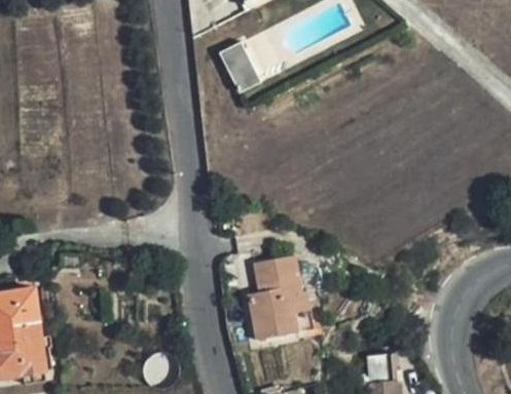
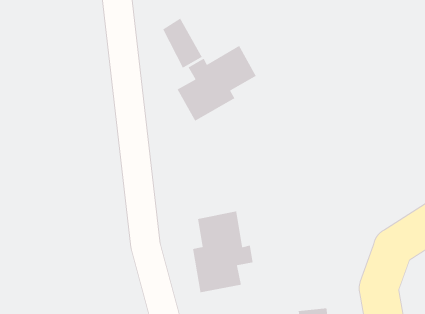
building: none -> [177,45,257,122]

